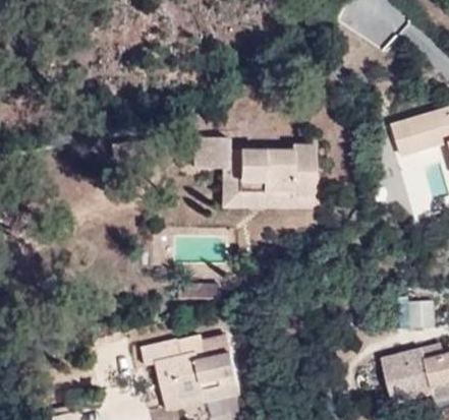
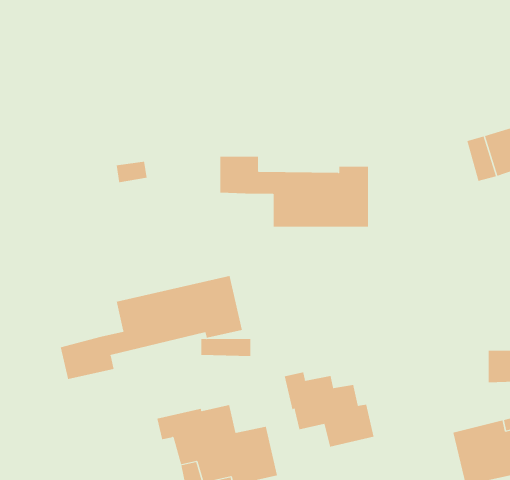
building: [221,167,314,205] -> none
building: none -> [60,275,242,380]
building: none -> [284,371,374,447]

